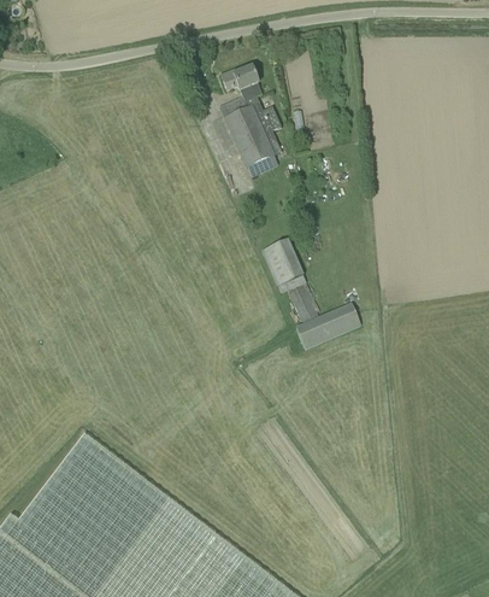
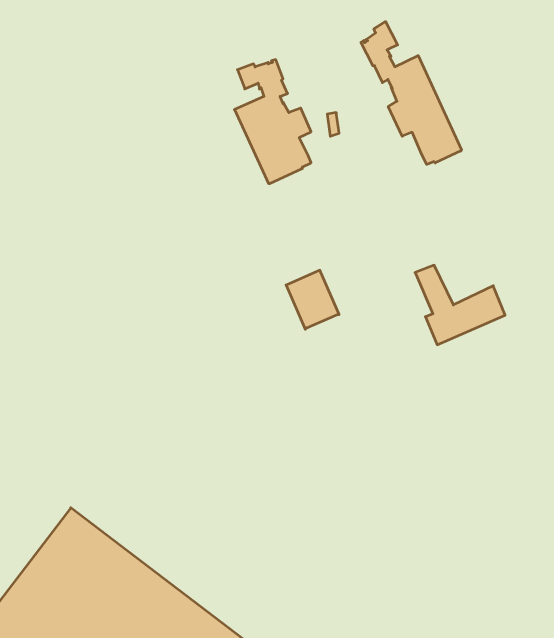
building: none -> [361,22,462,164]
building: [287,288,360,353] -> [415,265,505,345]

